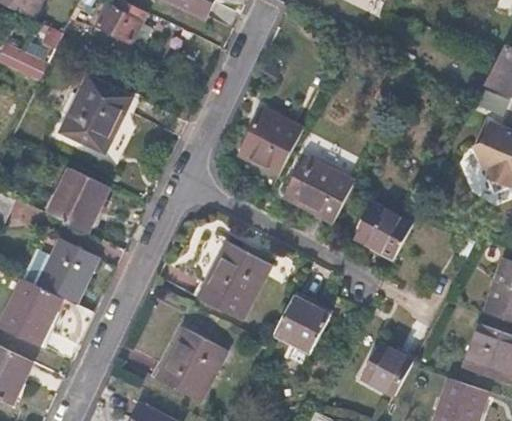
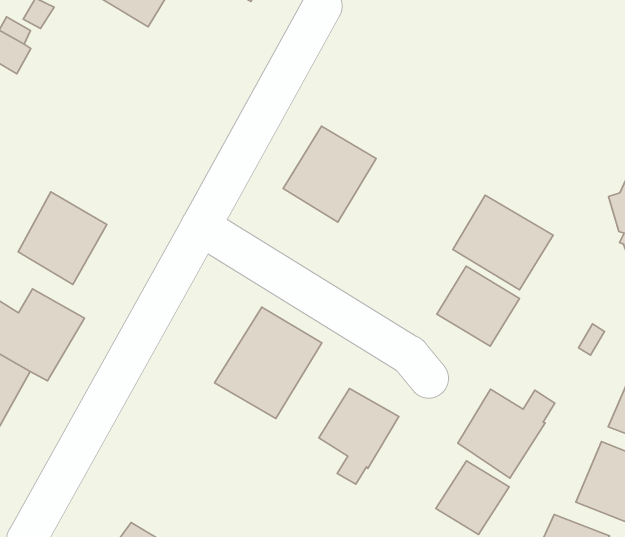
building: [59,75,132,153] -> none
building: [283,155,355,222] -> [453,195,553,290]
building: none -> [458,389,555,478]
building: [155,326,229,403] -> none

